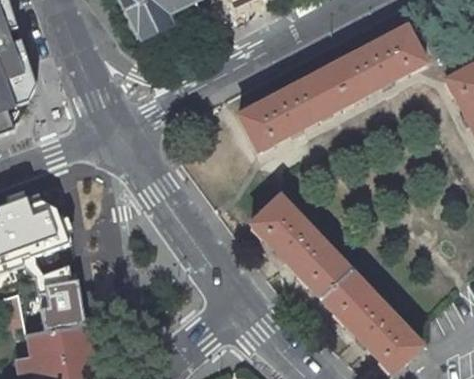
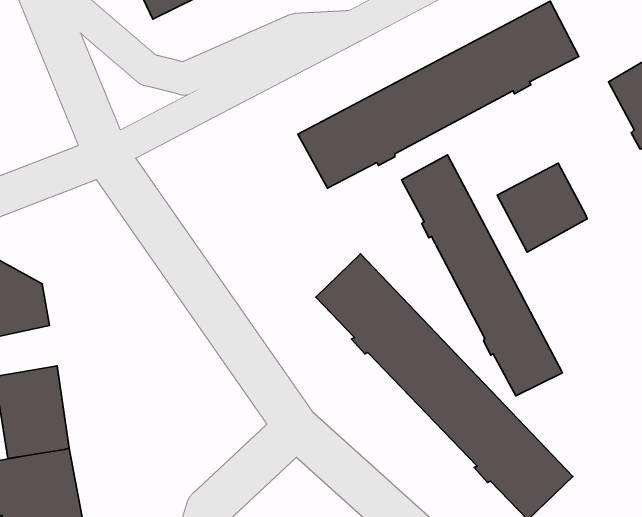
building: none -> [401,155,562,396]
building: none -> [497,163,587,252]

